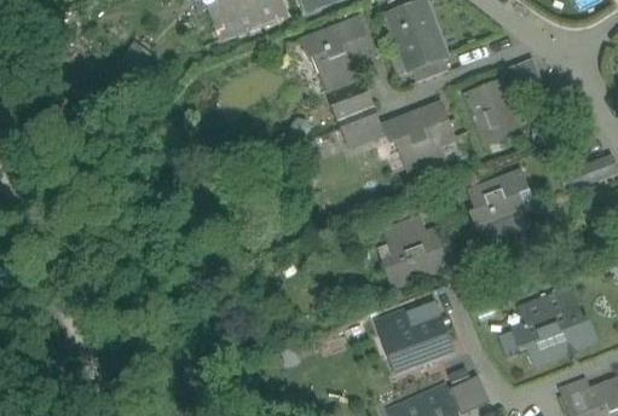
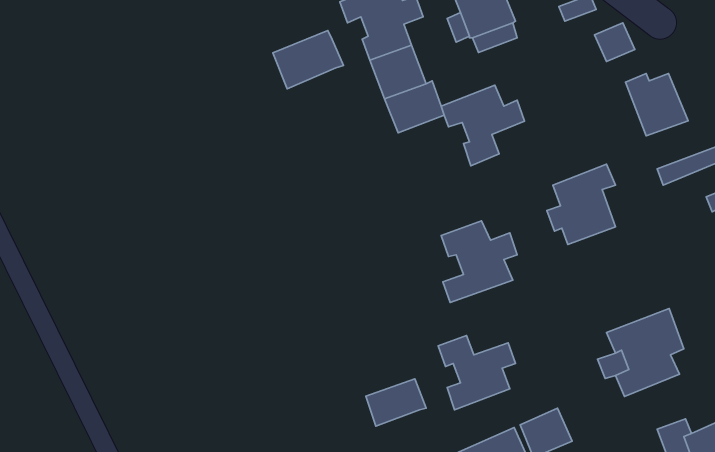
building: none -> [273,31,344,89]
building: [467,86,518,137] -> [625,73,688,136]
building: none -> [366,379,426,426]

